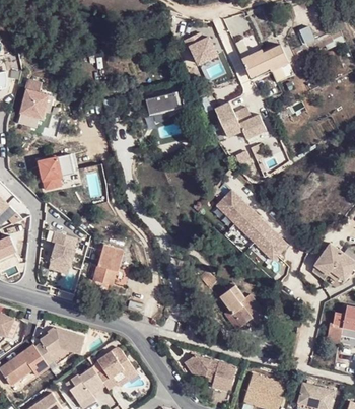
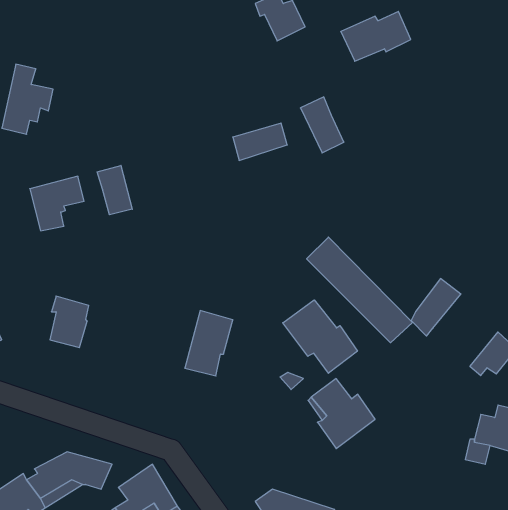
building: [148,91,184,116] -> [233,123,287,160]
building: [233,107,266,138] -> none
building: none -> [97,165,132,215]
building: none -> [283,300,357,373]
building: [89,241,121,283] -> [185,311,233,376]
building: [309,244,342,281] -> [411,279,461,336]

